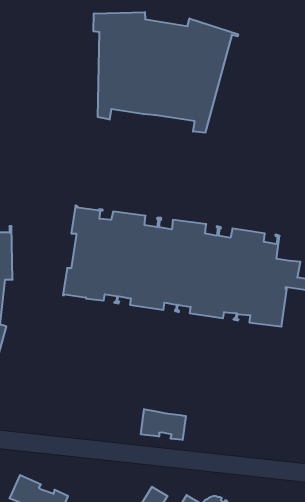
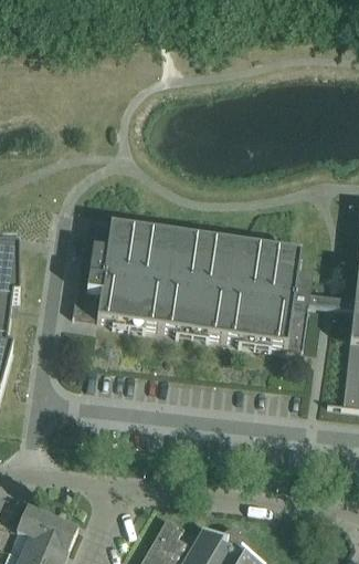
building: [93,12,238,133] -> none
building: [141,409,186,440] -> none

